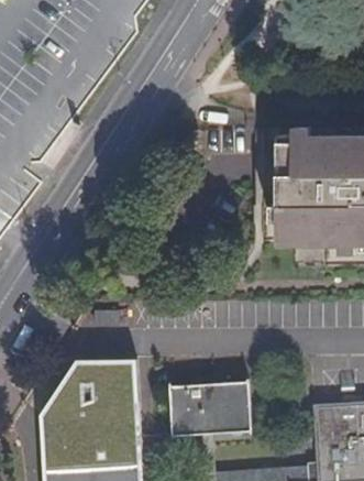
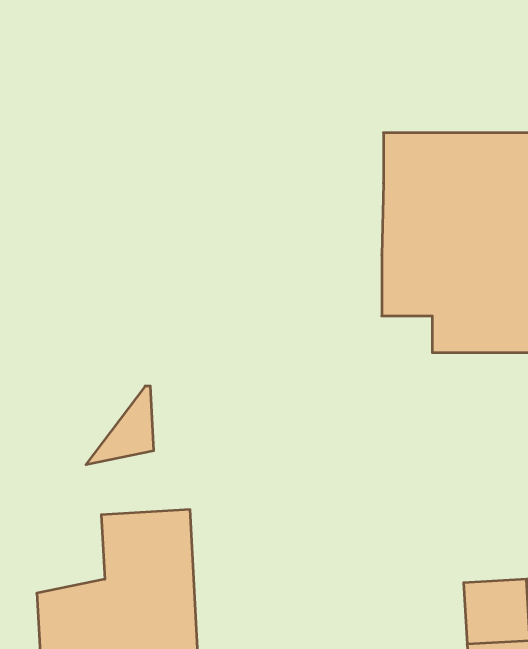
building: [40,364,82,414] -> [86,386,154,465]
building: [165,374,250,431] -> none

